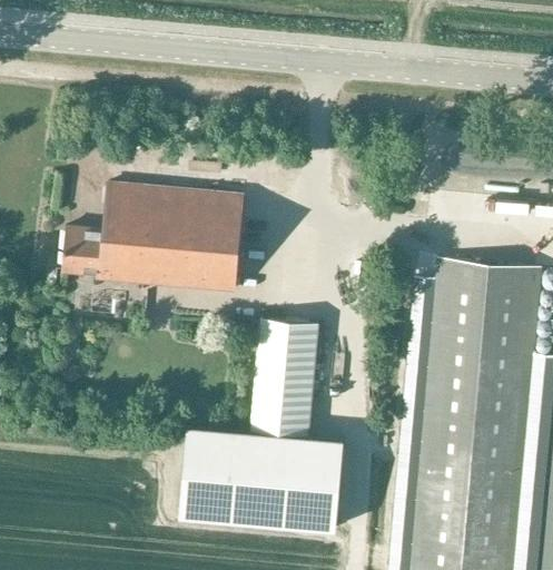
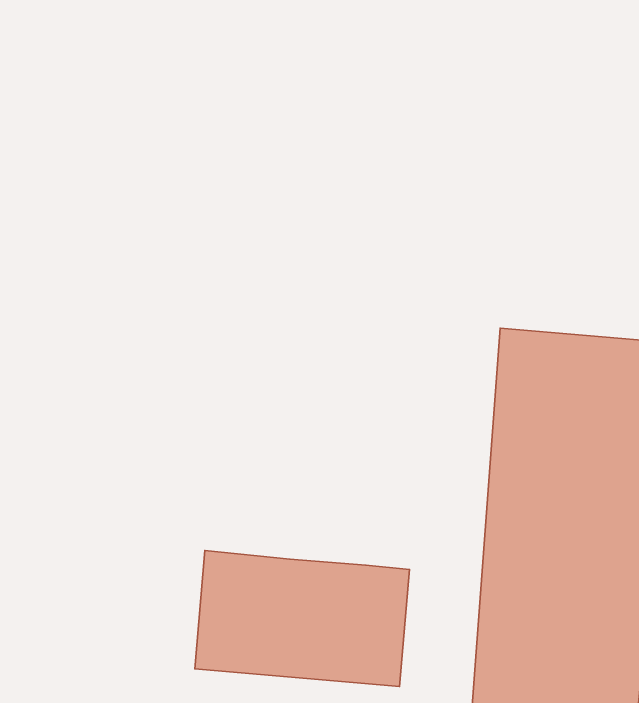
building: [62,184,245,292] -> none
building: [251,318,319,438] -> none

